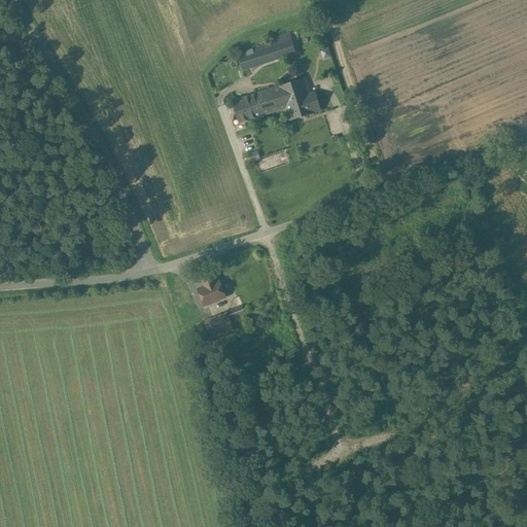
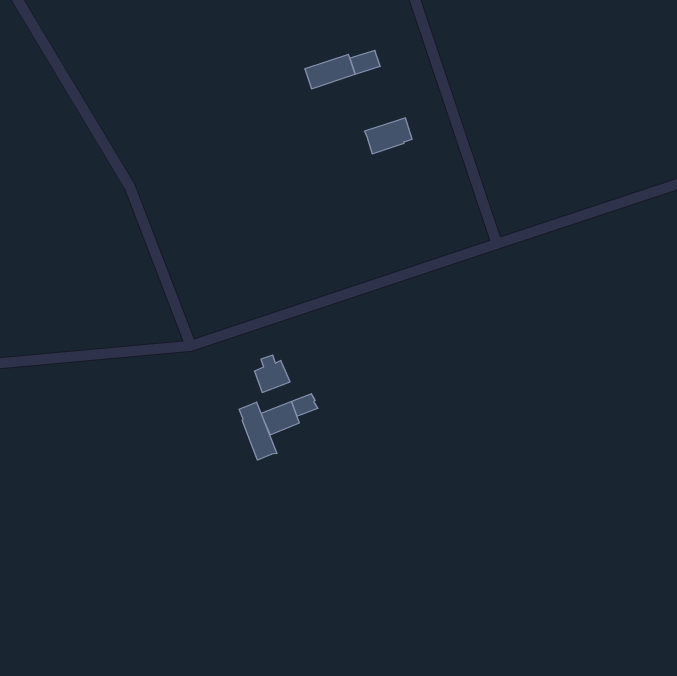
building: [233,78,309,121] -> none
building: none -> [239,402,277,460]

